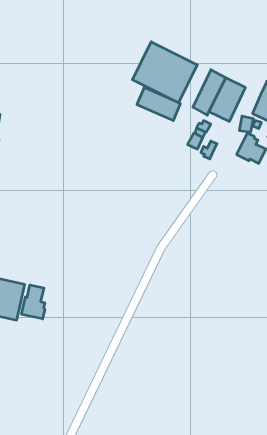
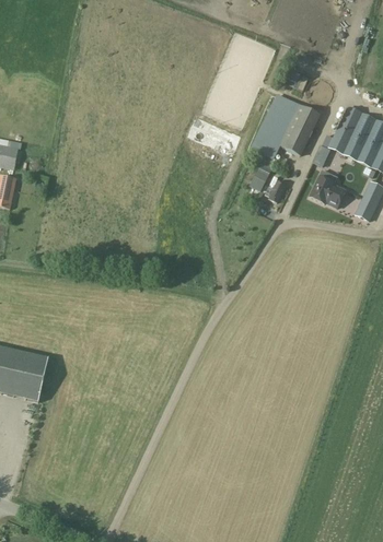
building: [132,42,197,103] -> none
building: [22,285,45,319] -> none

